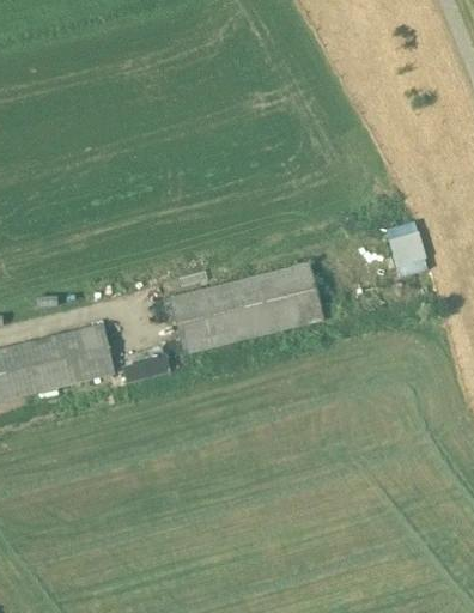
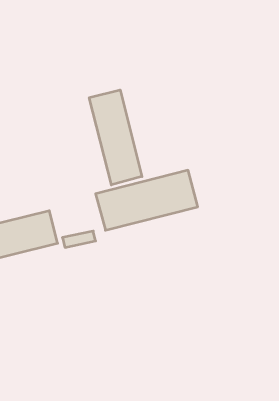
building: none -> [89,90,142,185]
building: [387,219,427,275] -> none

